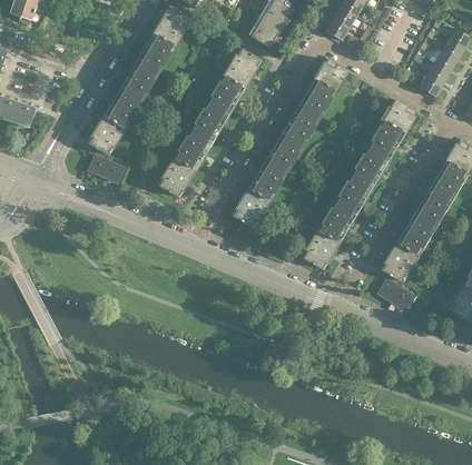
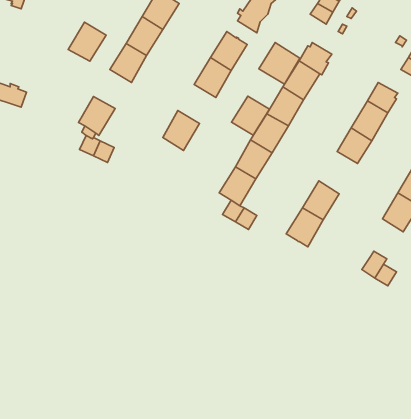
building: none -> [259,42,300,84]
building: [102,87,141,127] -> [68,22,106,61]
building: [189,102,228,142] -> [232,96,269,135]
building: [157,157,195,197] -> none
building: [334,171,374,215] -> none
building: [383,240,421,281] -> none

